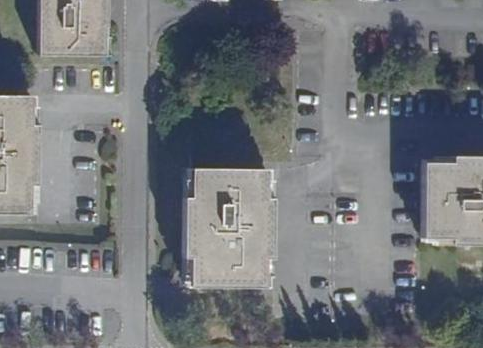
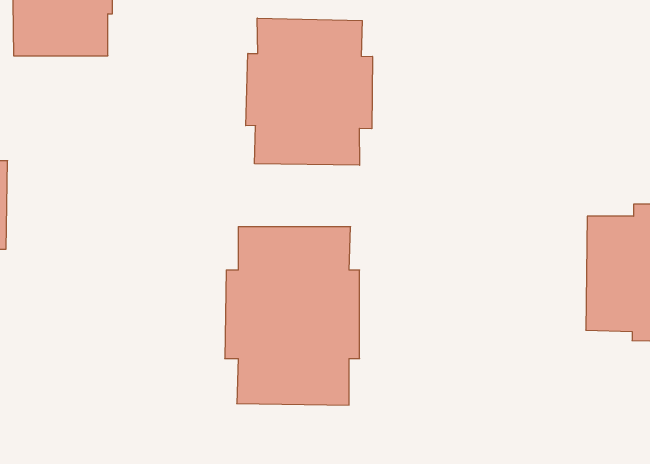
building: none -> [246,18,372,165]

